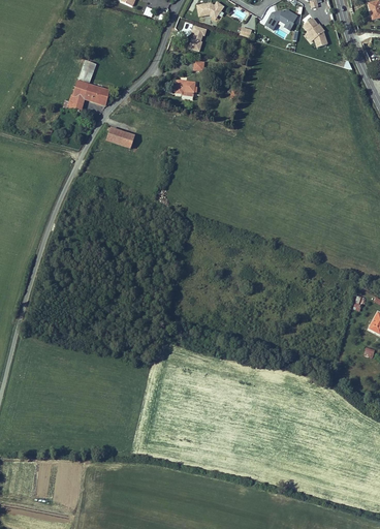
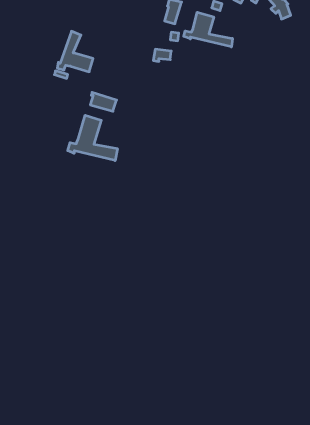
building: none -> [184,12,232,47]
building: none -> [68,115,117,161]

